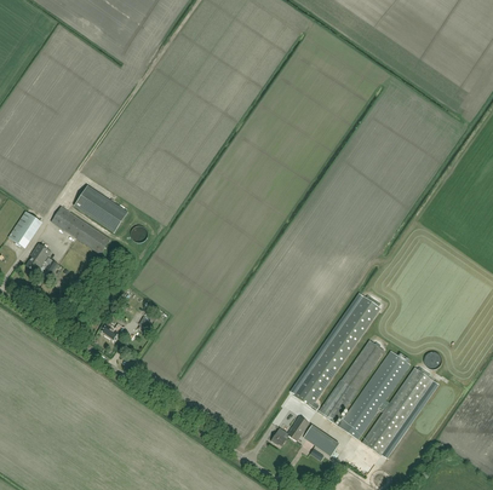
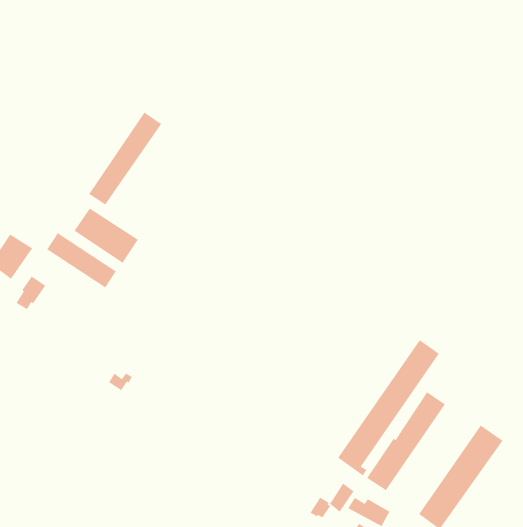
building: none -> [88,111,162,206]
building: [339,350,409,438] -> none

